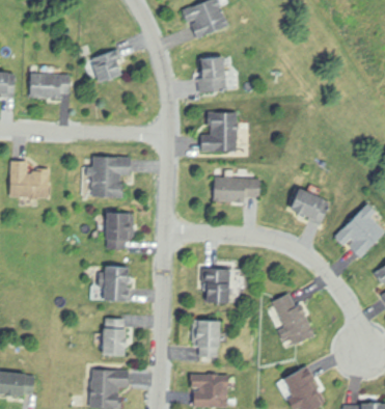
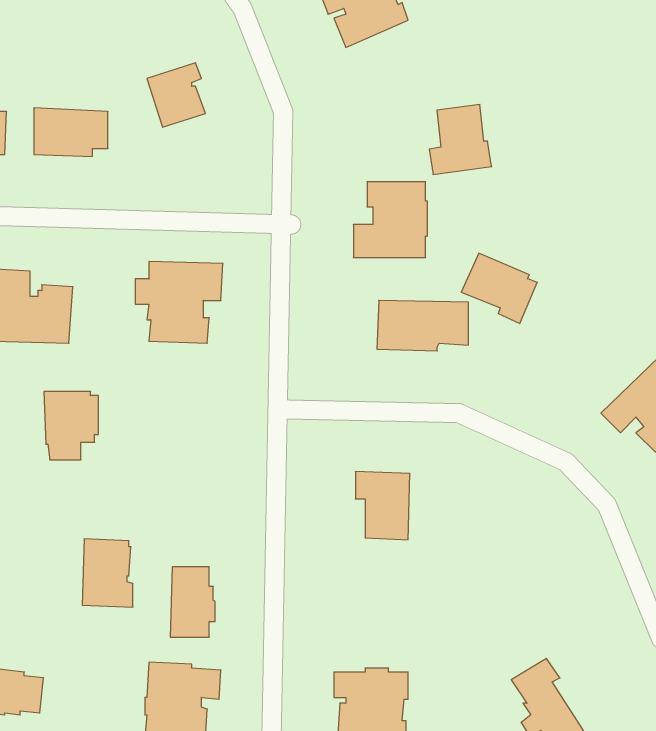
building: [196,56,229,93] -> [429,104,492,174]
building: [288,188,329,225] -> [461,253,537,323]
building: [105,213,134,249] -> [44,392,98,460]
building: [103,265,130,301] -> [82,539,133,607]
building: [271,291,315,346] -> none
building: [191,319,220,357] -> none

